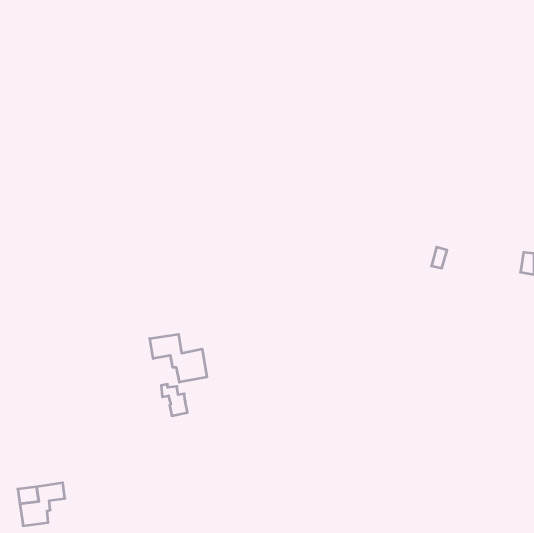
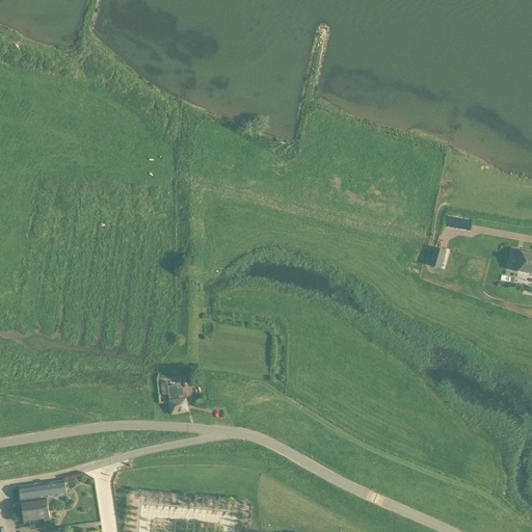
building: [150,334,207,382] -> none

